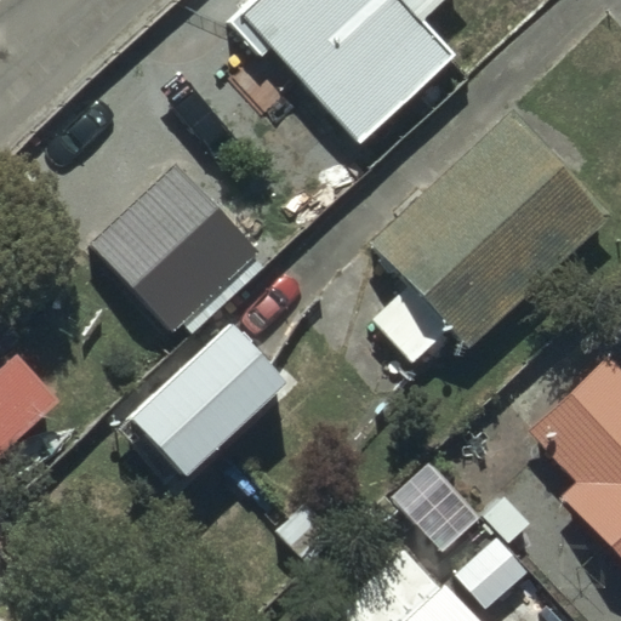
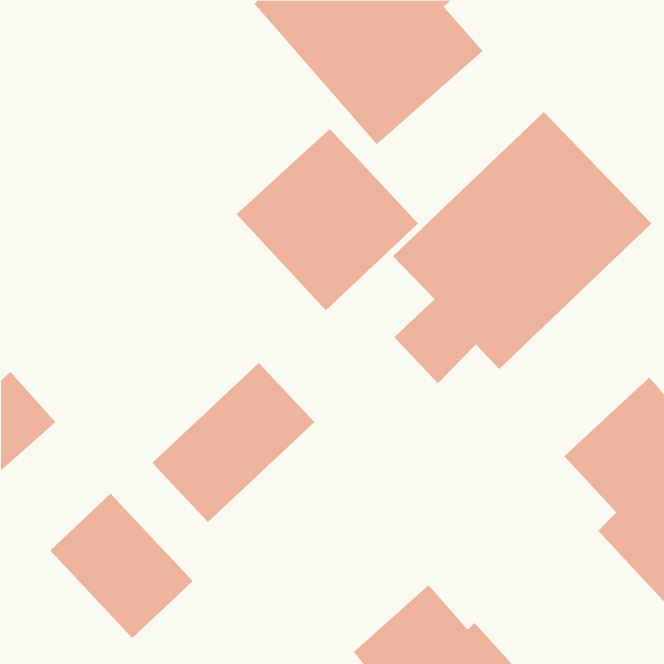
building: [92,167,262,337] -> [236,128,419,311]
building: none -> [49,493,193,639]

